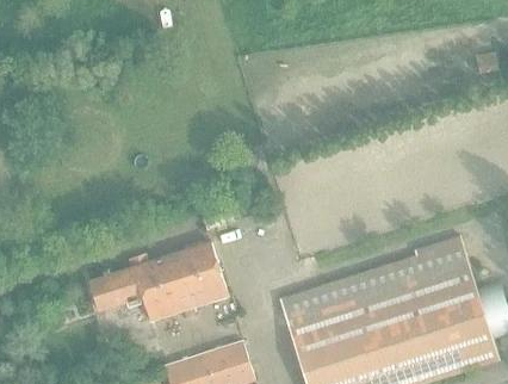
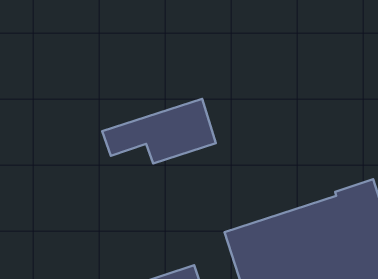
building: [88,241,227,320] -> [102,99,216,164]

